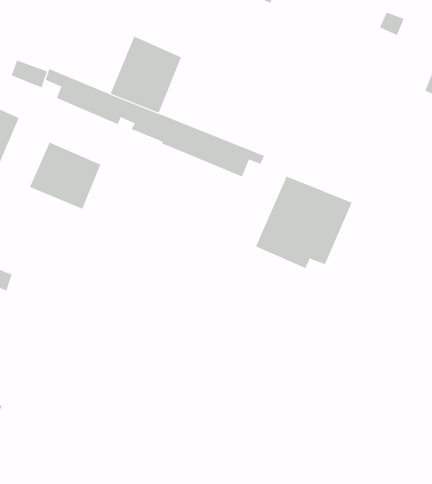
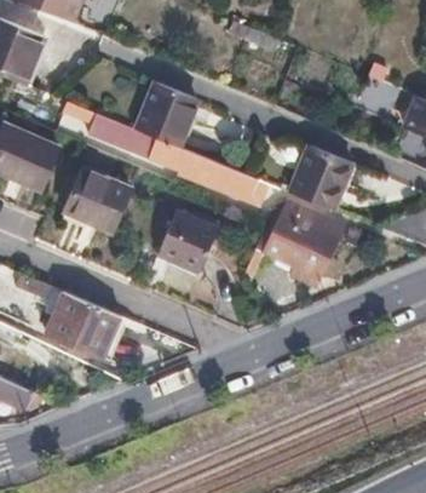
building: none -> [292,144,351,208]
building: none -> [156,210,219,274]
building: none -> [47,291,121,356]

